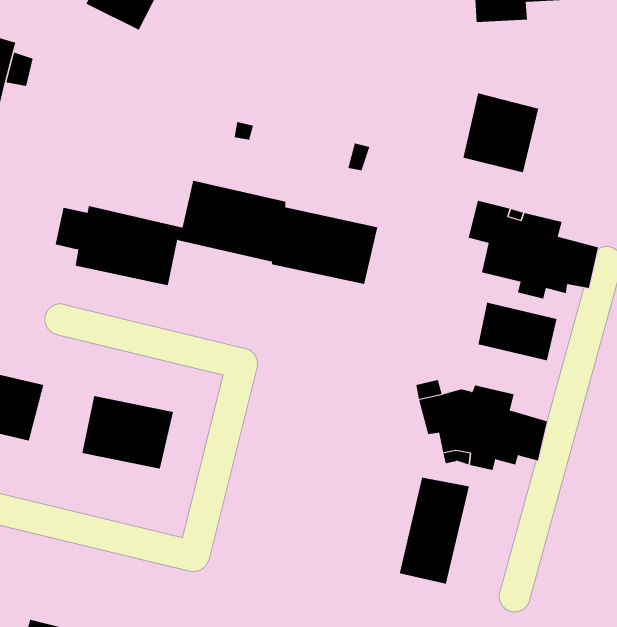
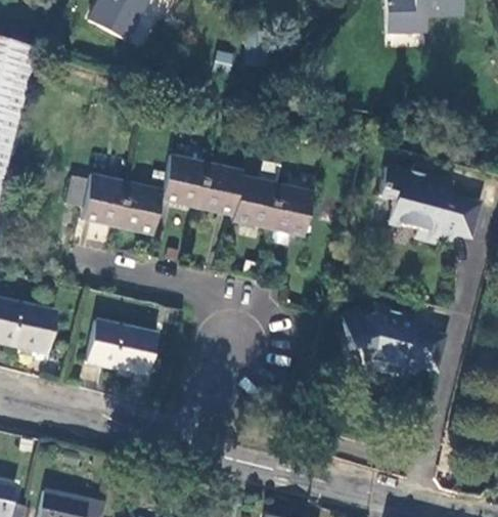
building: [463,93,539,173] -> none
building: [478,302,557,361] -> none
building: [399,477,470,584] -> none

